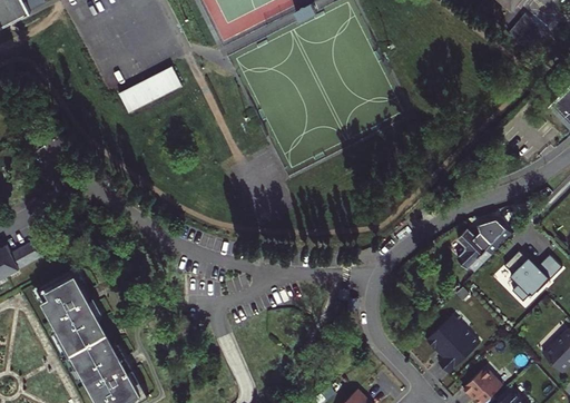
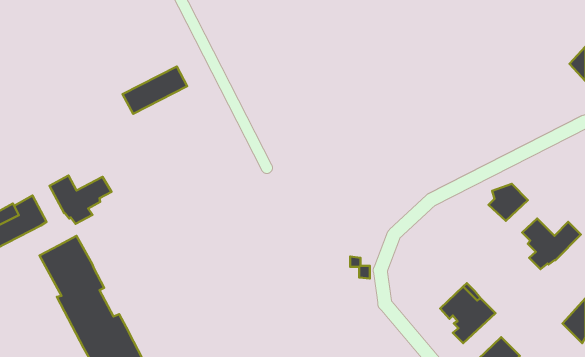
building: [117,69,179,115] -> [123,67,187,114]
building: none -> [49,176,112,224]
building: [455,230,484,271] -> none

